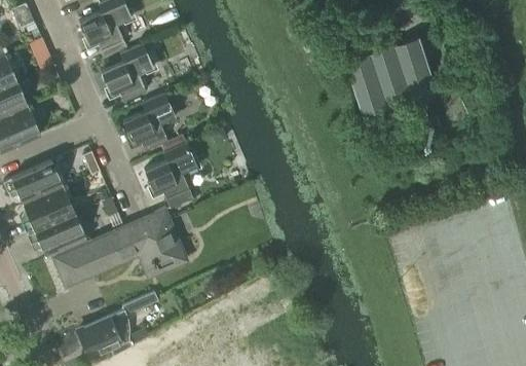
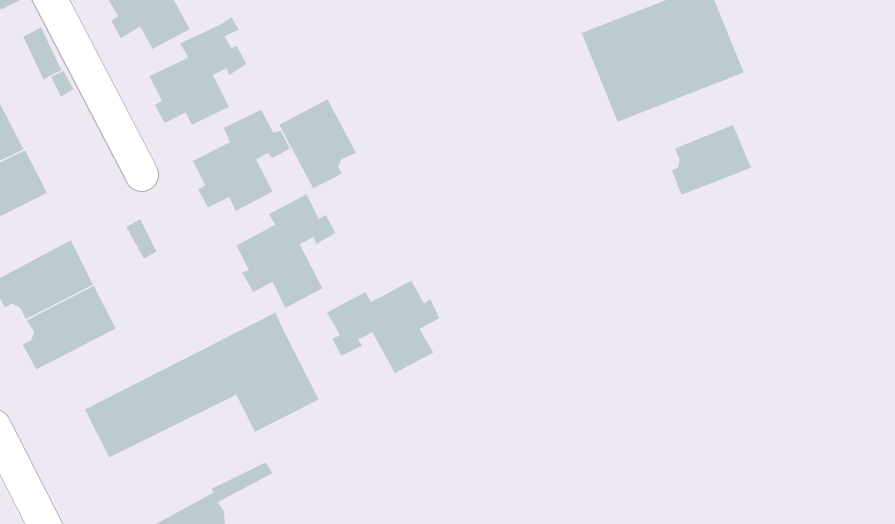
building: none -> [278,98,357,189]
building: none -> [671,124,752,196]
building: none -> [326,280,441,374]
building: [27,212,86,256] -> none

